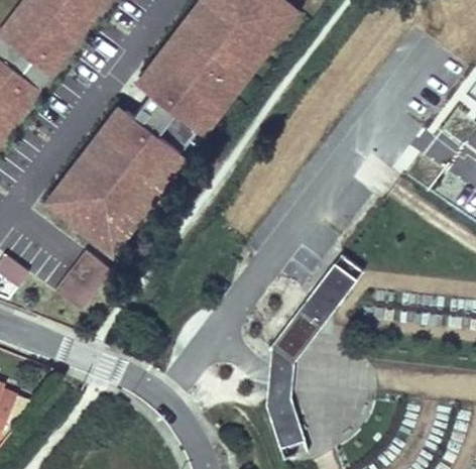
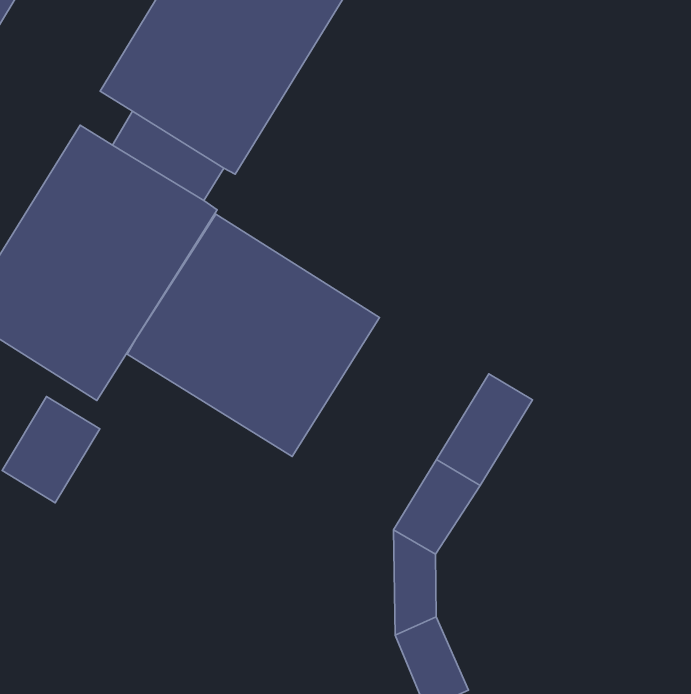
building: none -> [127,214,379,457]

